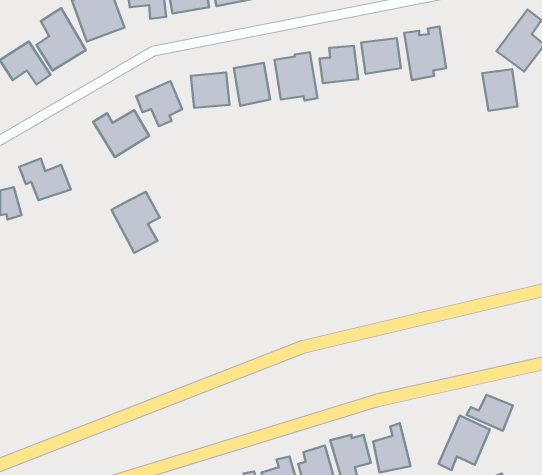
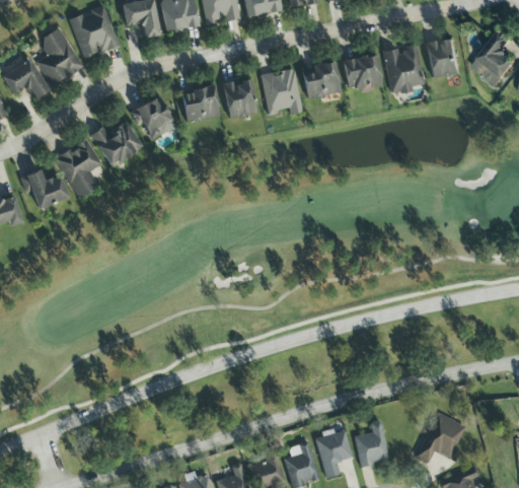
building: [482,69,518,111] -> [427,39,460,78]
building: [112,192,160,253] -> [56,141,101,199]
building: [467,395,513,431] -> none

